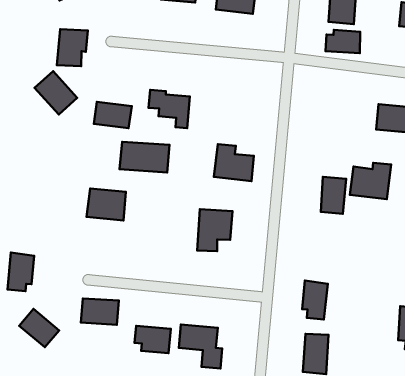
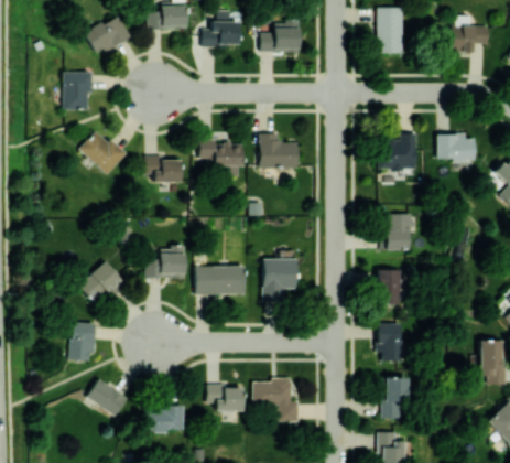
building: [57,29,88,66] -> [63,72,91,110]
building: [325,30,360,53] -> none
building: [120,142,170,172] -> [195,266,245,295]
building: [214,144,254,181] -> [259,133,299,169]
building: [350,163,391,199] -> [379,133,419,170]
building: none -> [78,261,123,305]
building: none -> [378,269,402,305]
building: [81,298,119,325] -> [147,406,184,432]

